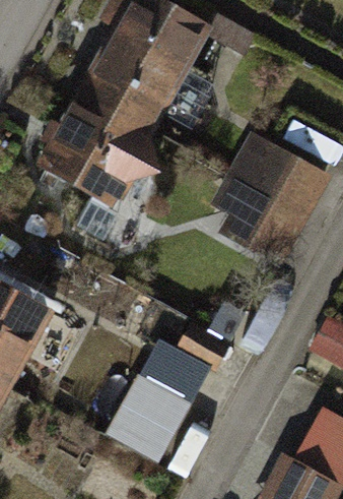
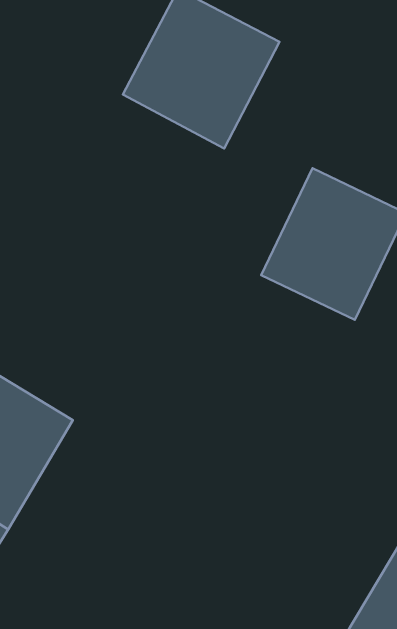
building: [56,73,178,196] -> none
building: [108,369,193,457] -> none

